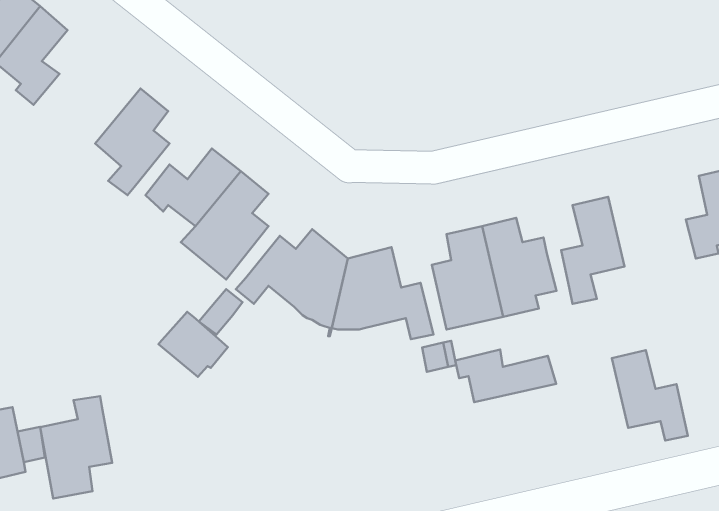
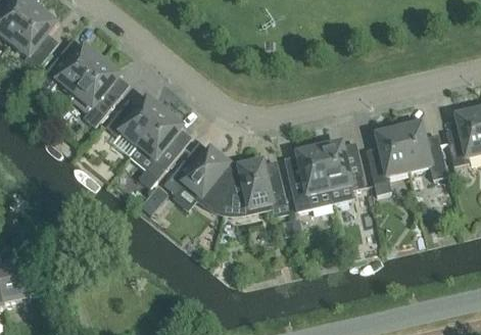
building: none -> [38,44,103,93]
building: [159,312,228,377] -> none
building: [455,349,556,402] -> none
building: [612,350,688,441] -> [398,122,446,179]
building: [40,396,112,498] -> none

